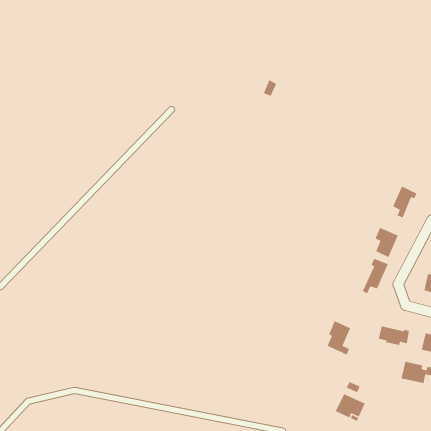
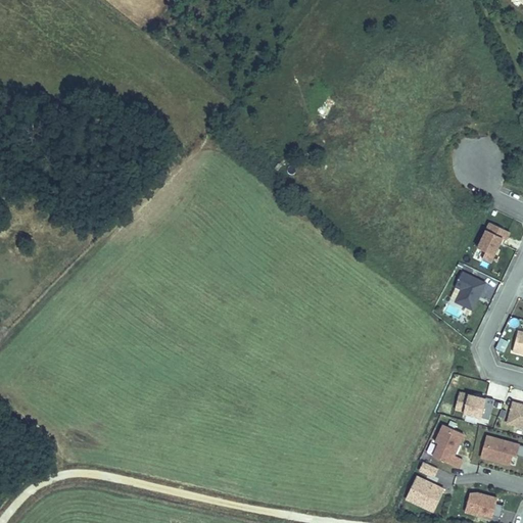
building: [362,258,389,294] -> none
building: [327,320,351,356] -> [433,424,463,467]
building: none -> [471,492,510,518]

